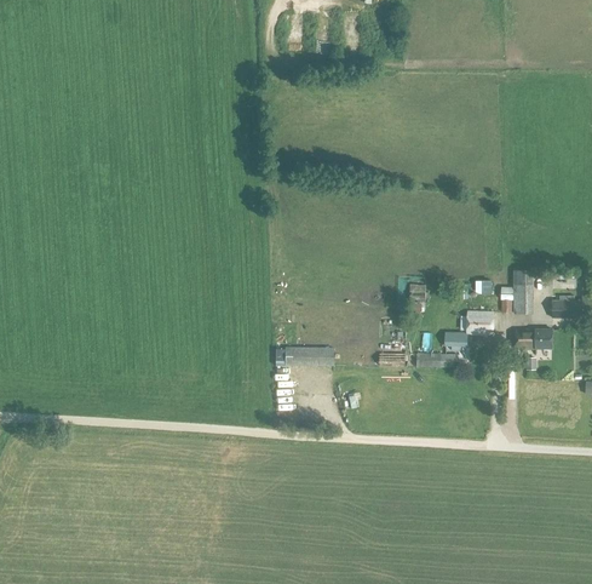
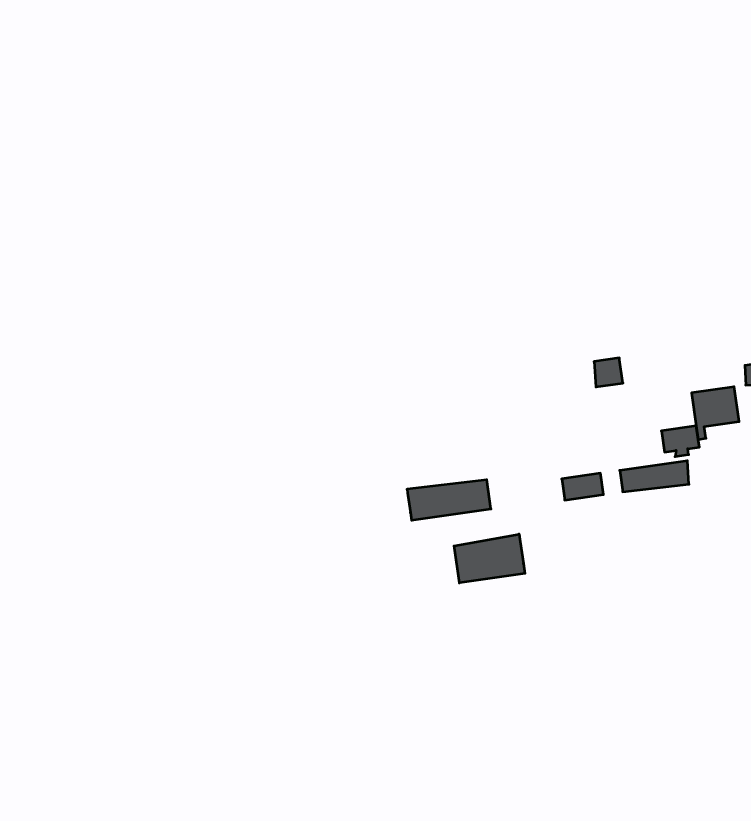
building: none -> [454,534,525,583]

